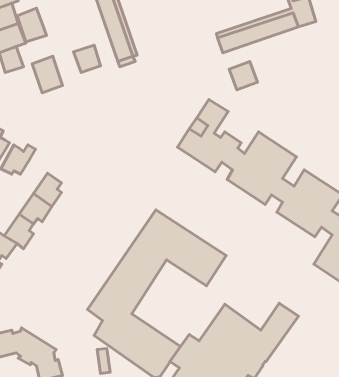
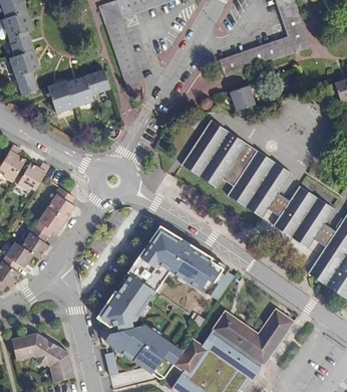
building: [17,8,46,42] -> [66,75,93,107]
building: none -> [215,131,256,170]

